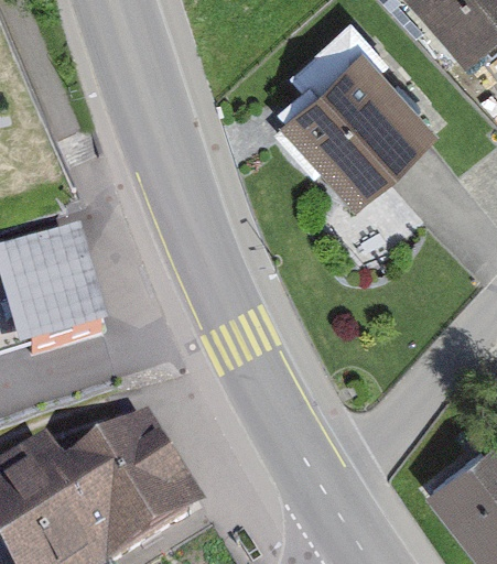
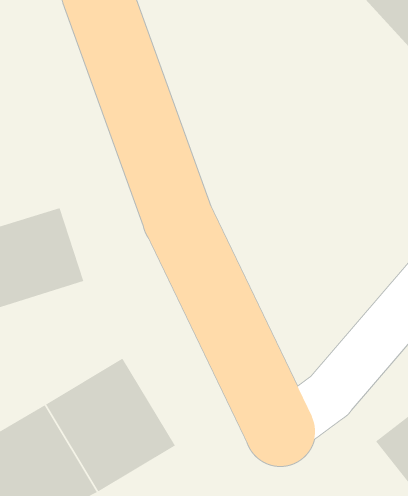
building: [270,35,436,199] -> none

